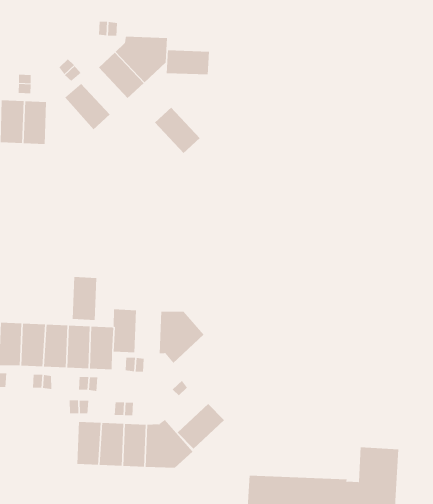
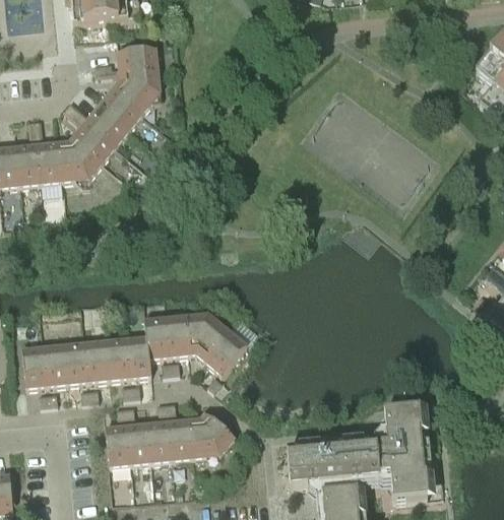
building: [166,50,210,75] -> [118,47,159,72]
building: none -> [58,135,104,180]
building: [154,107,200,154] -> [86,104,130,144]
building: [72,277,97,320] -> [166,315,191,355]
building: [177,403,225,450] -> [205,330,247,374]
building: none -> [106,425,131,465]

